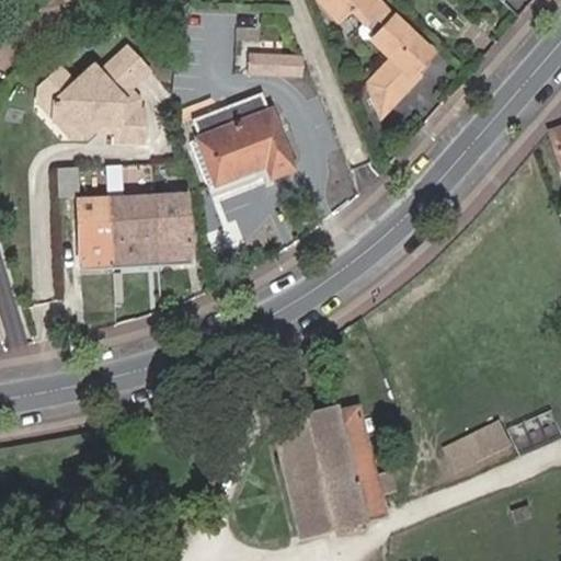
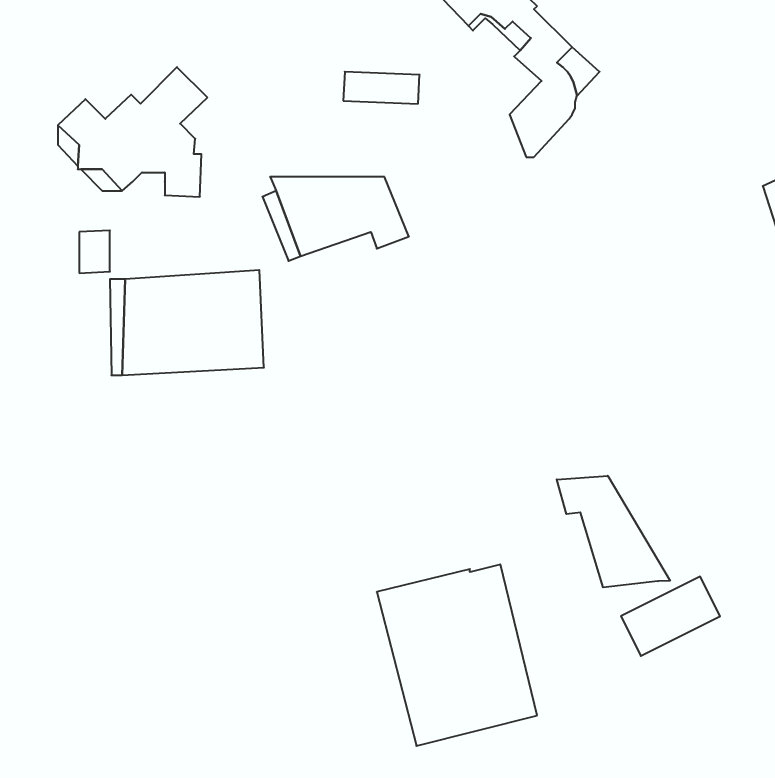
building: [195,94,279,127] -> none
building: none -> [557,476,670,587]

